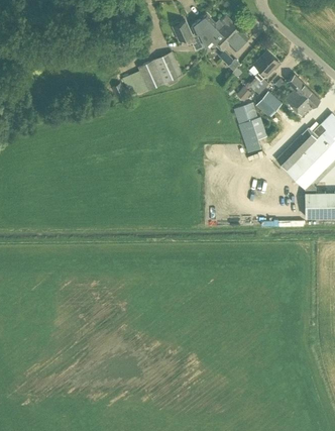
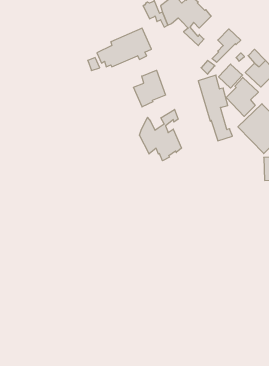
building: none -> [133,70,166,107]
building: none -> [226,77,258,116]
building: none -> [139,109,181,161]

